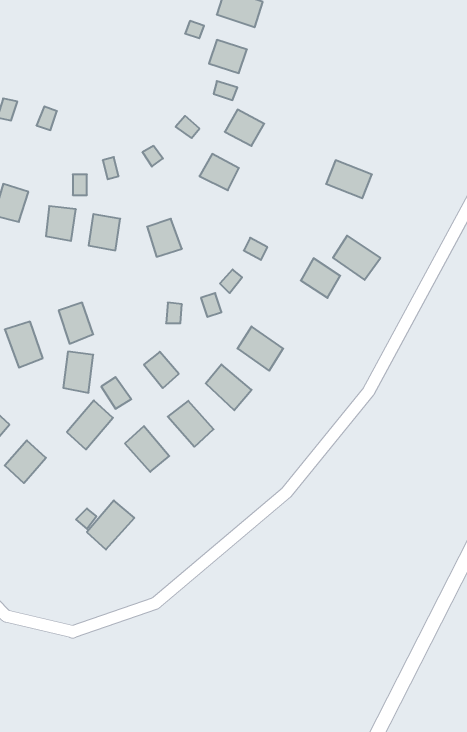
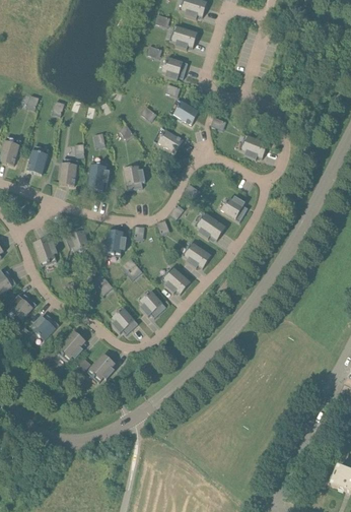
building: [333,236,380,280] -> [196,211,226,240]
building: [63,352,93,393] -> [104,229,124,255]
building: [67,400,113,449] -> [56,329,85,361]

